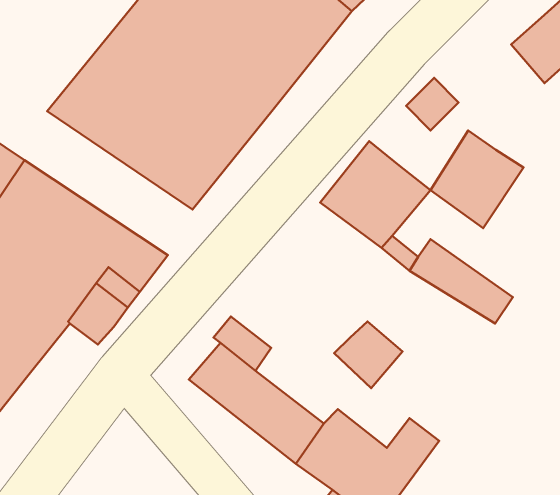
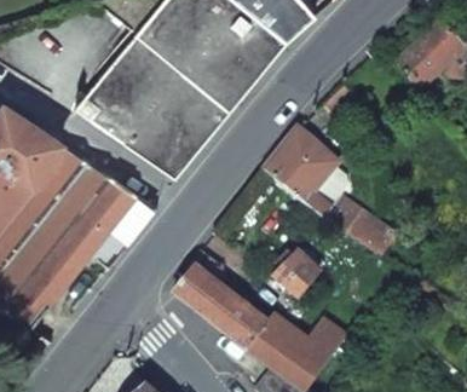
building: [431,130,524,228] -> none

